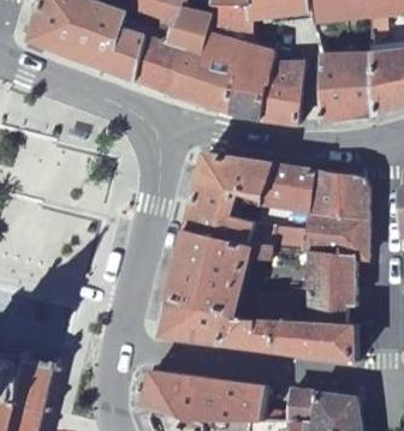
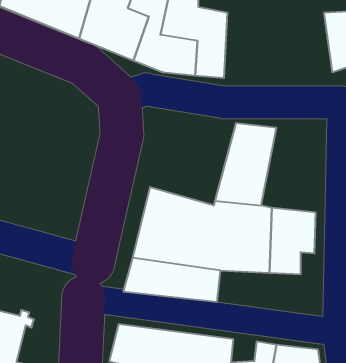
building: [261,49,296,119] -> none
building: [315,49,373,119] -> none
building: [184,154,273,249] -> none
building: [299,168,366,257] -> none
building: [254,316,357,359] -> none

